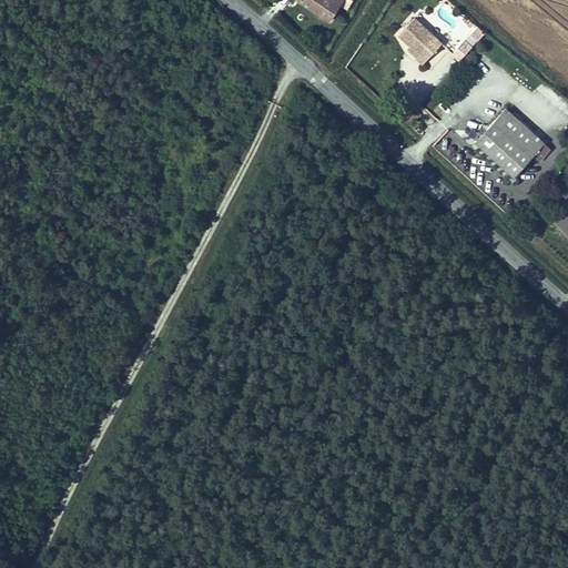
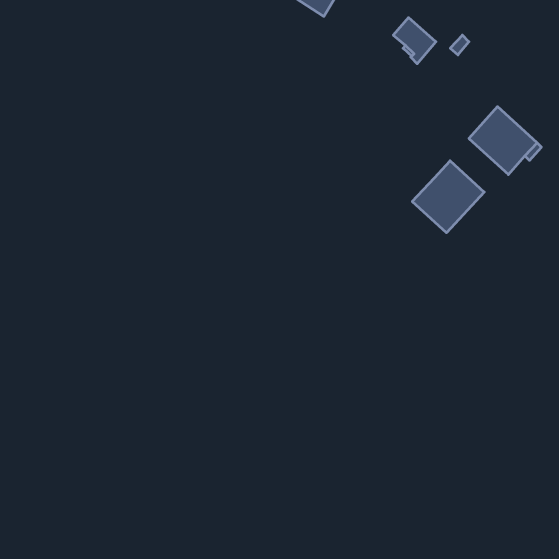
building: none -> [412,161,484,233]

